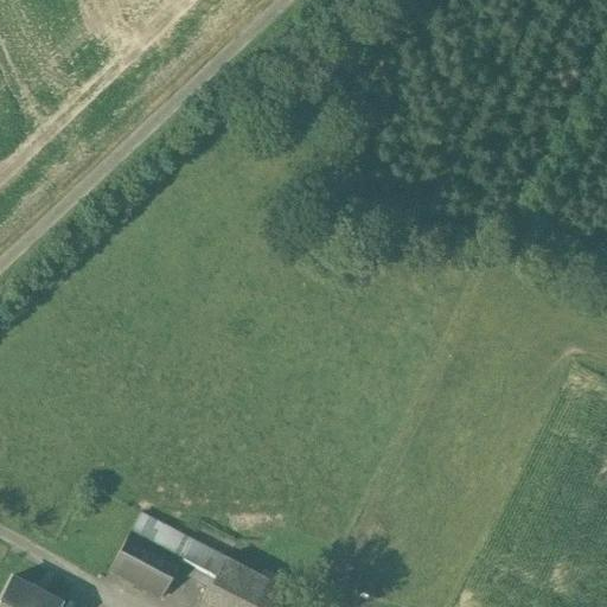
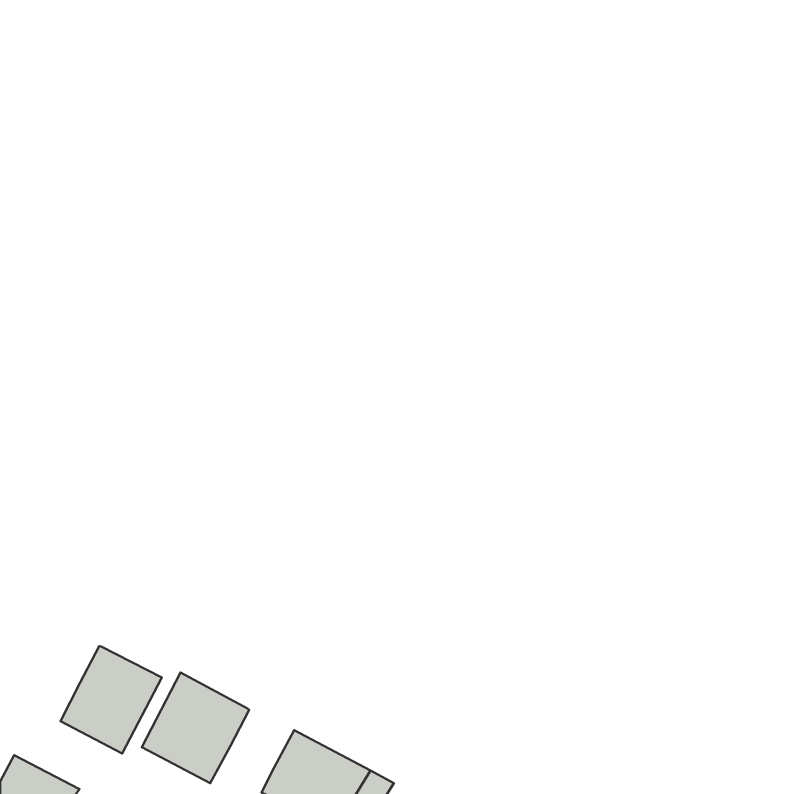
building: none -> [61,646,162,753]
building: [179,539,228,586] -> none

